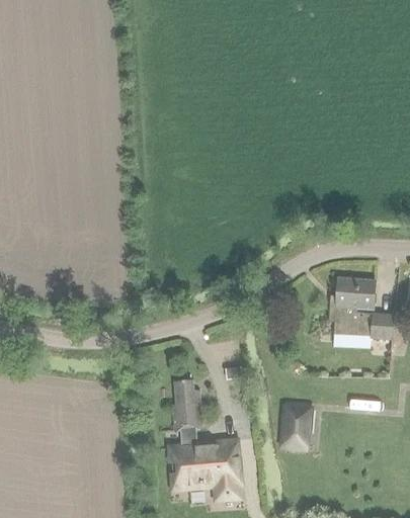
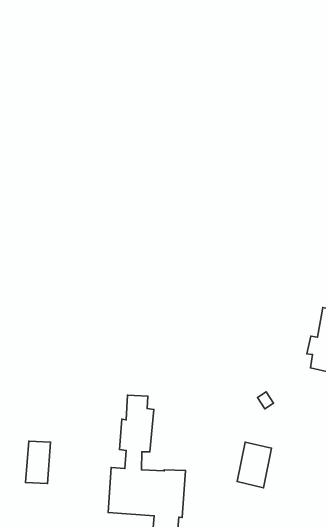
building: none -> [26,441,51,483]

